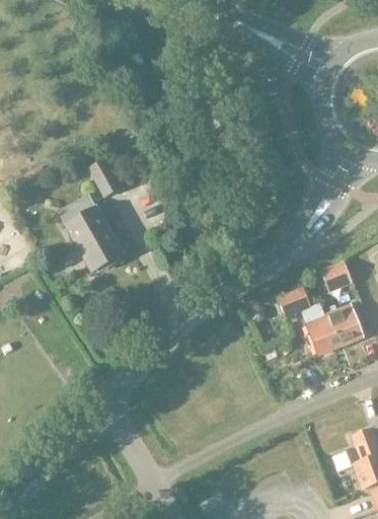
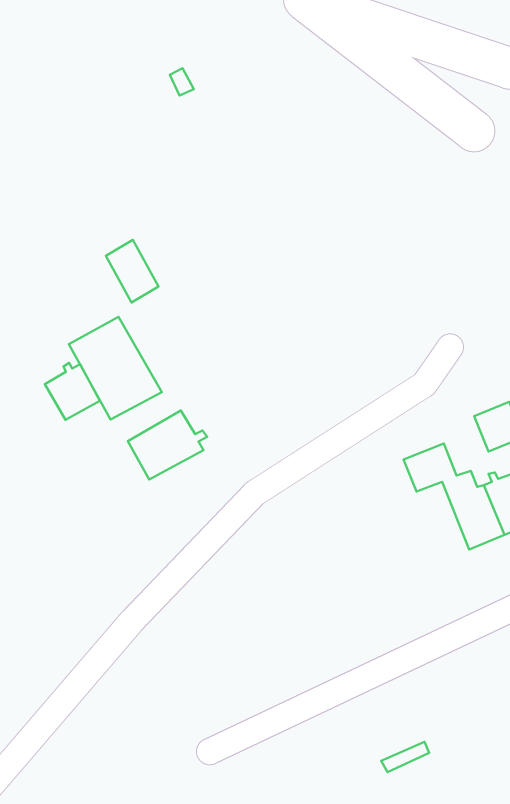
building: none -> [45,363,100,420]
building: none -> [128,411,207,480]

